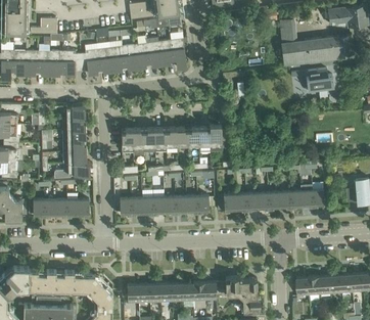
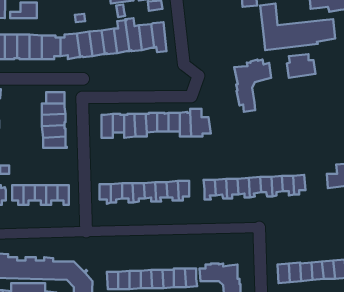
building: none -> [234,60,271,112]
building: [54,163,90,179] -> none

